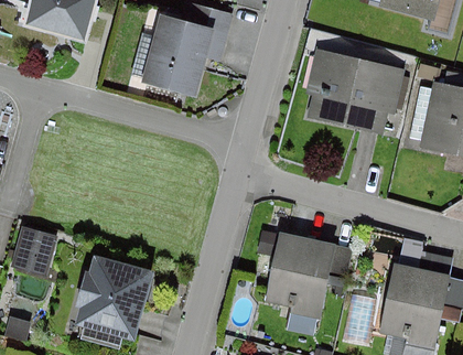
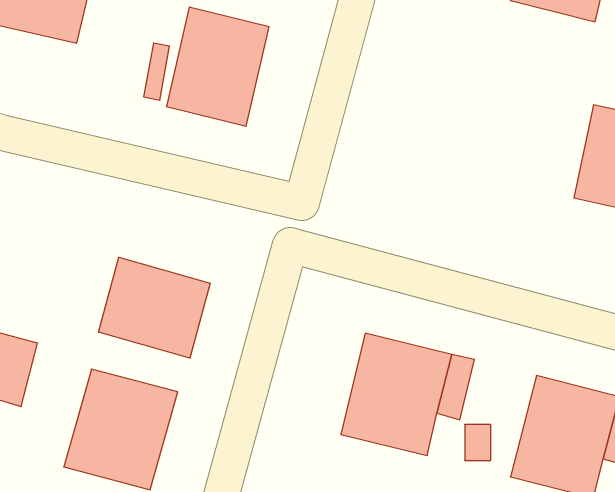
building: [301,47,408,137] -> none
building: none -> [99,257,210,358]

